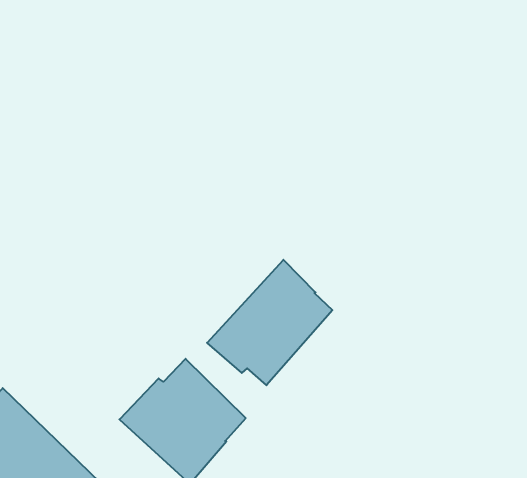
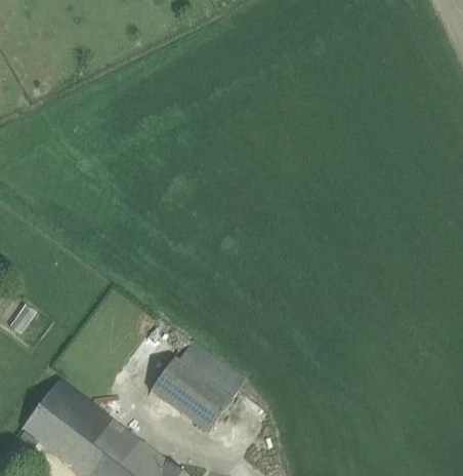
building: [207,260,332,385] -> none

